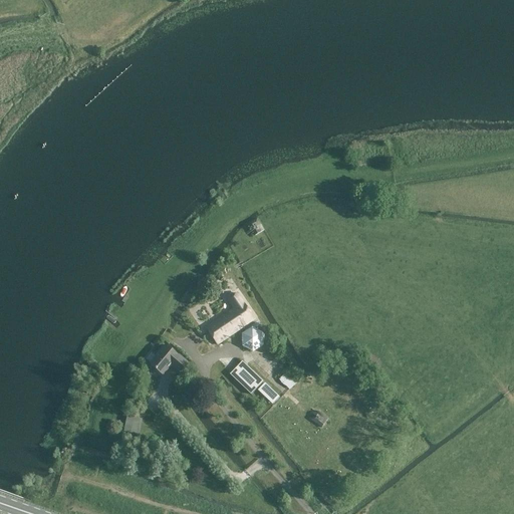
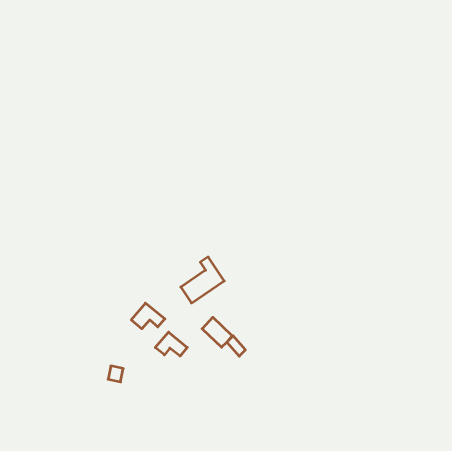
building: [241,325,261,349] -> none
building: none -> [155,332,187,356]

